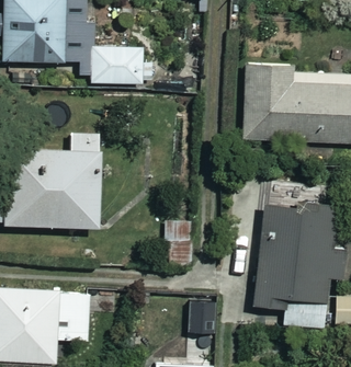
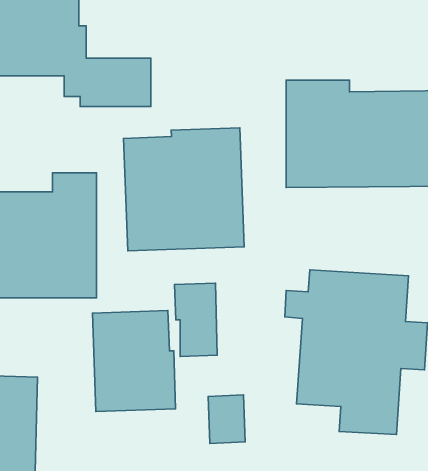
building: none -> [124,128,244,251]
building: none -> [92,310,176,412]

